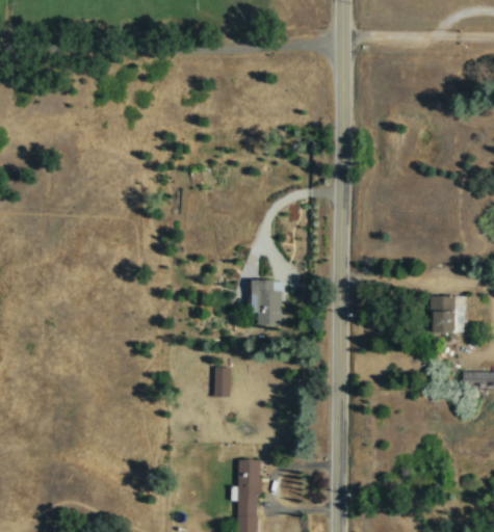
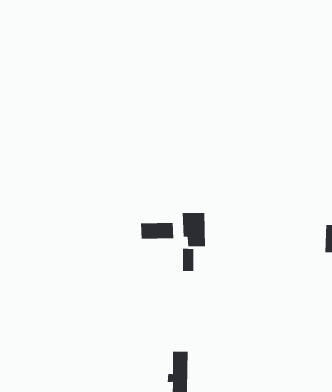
building: none -> [141,222,174,239]
building: [214,367,230,397] -> [182,248,194,271]

